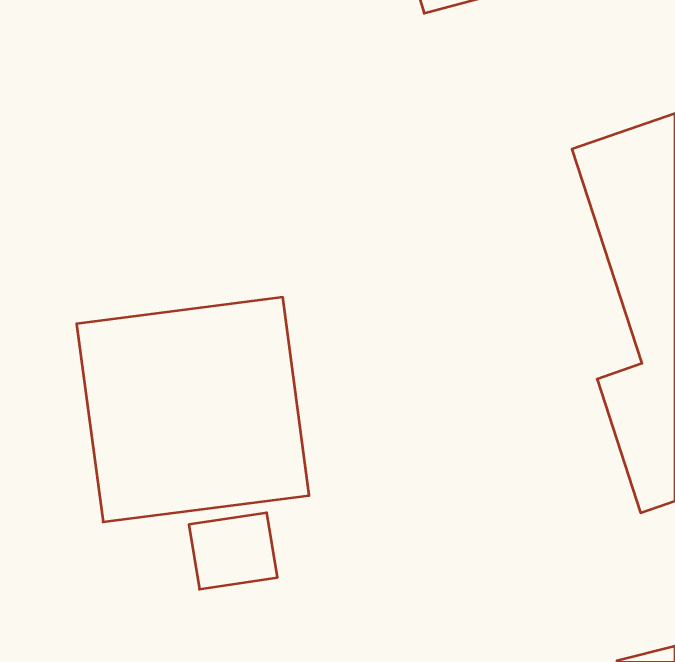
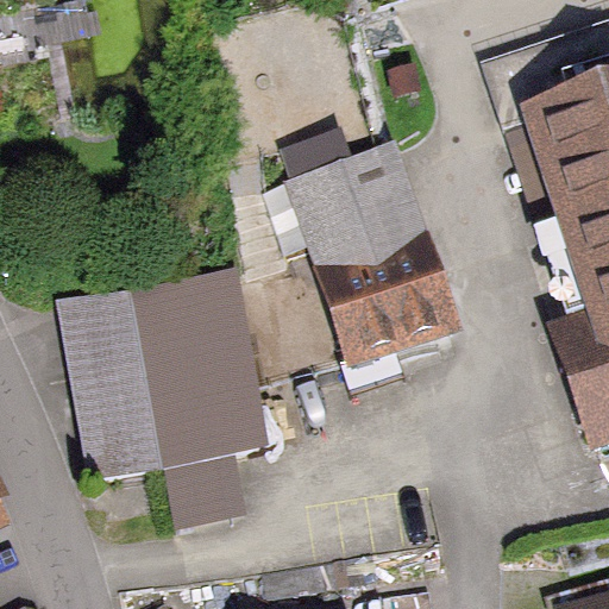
building: none -> [281,126,465,378]

